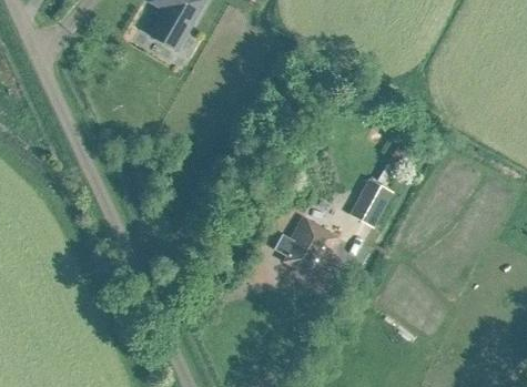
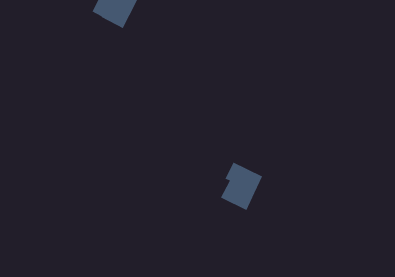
building: [348,179,393,228] -> none

